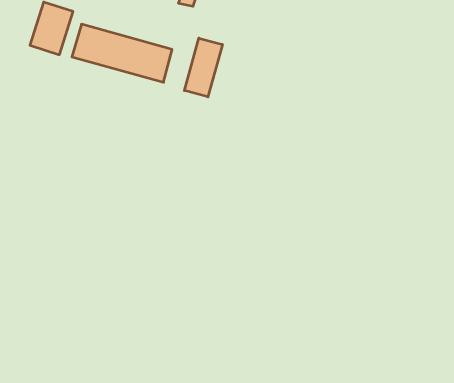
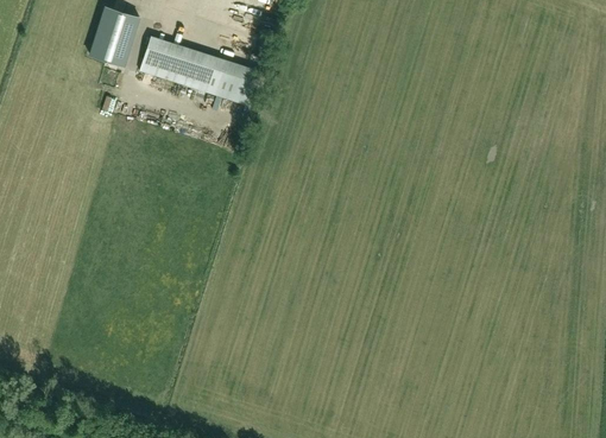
building: [184,38,222,97] -> none

